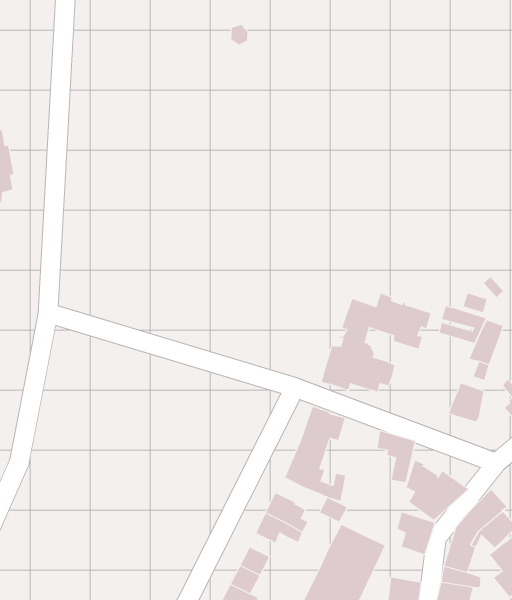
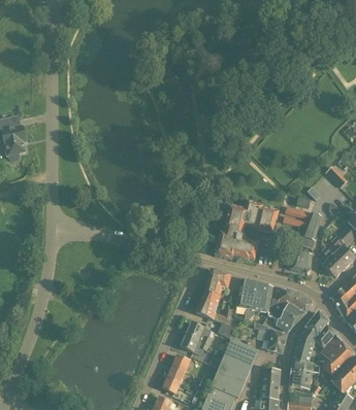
building: none -> [236,278,261,319]
building: none -> [278,288,312,313]

